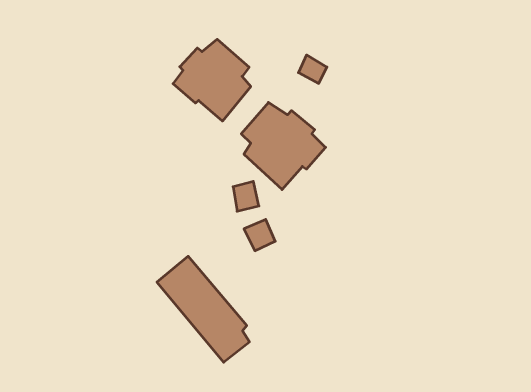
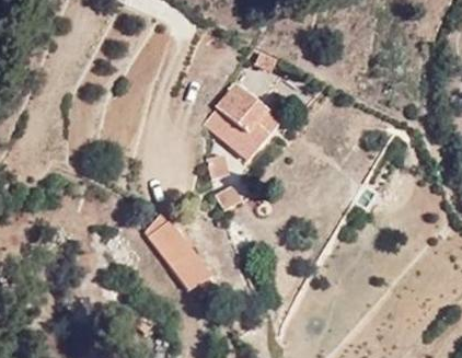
building: [173,39,251,121] -> none

